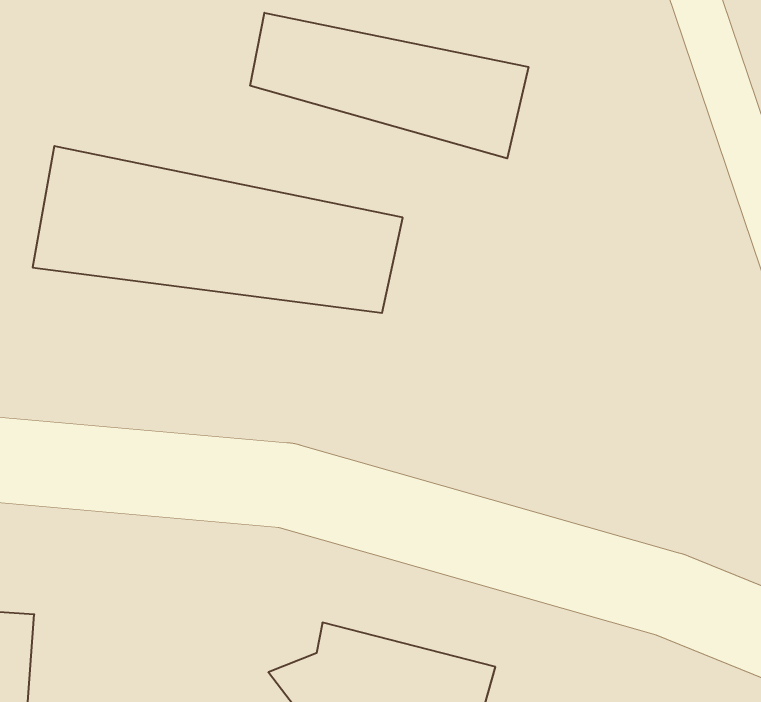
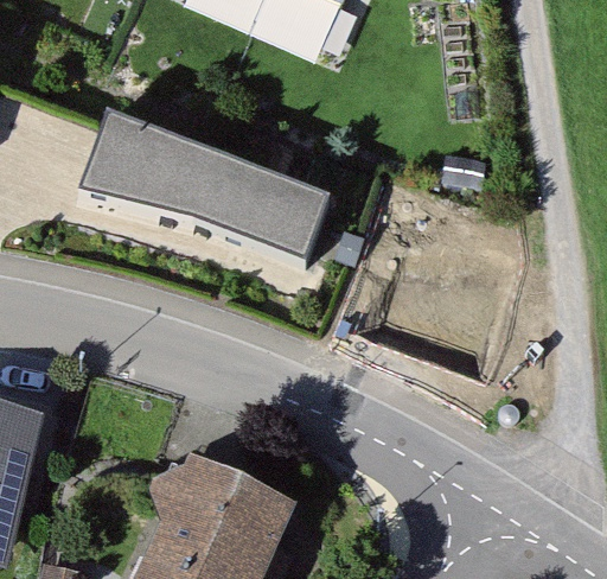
building: [250,13,528,158] -> none

